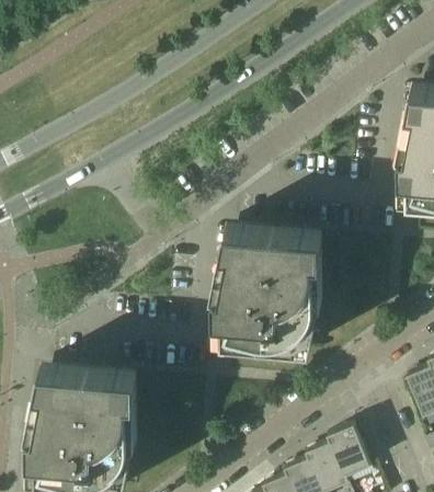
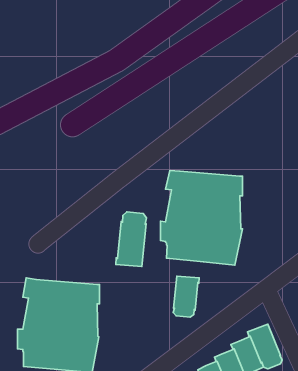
building: none -> [116,212,147,266]
building: none -> [173,276,199,317]

